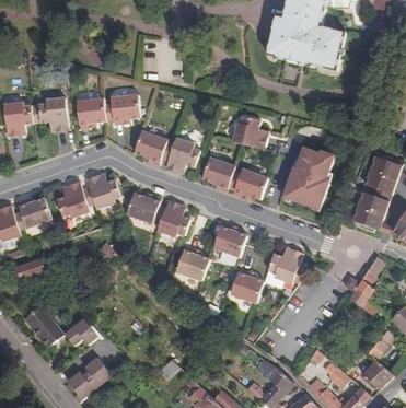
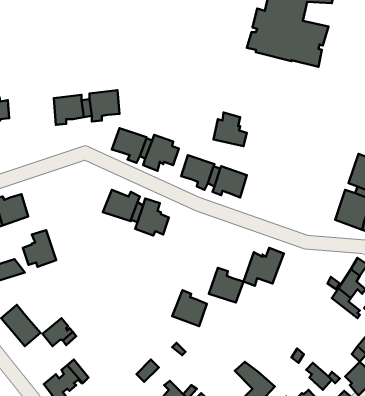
building: [38,95,69,129] -> none
building: [282,149,333,209] -> none
building: [86,174,120,208] -> none
building: [57,180,90,217] -> [23,230,56,267]
building: [212,222,245,256] -> none
building: [174,246,208,281] -> [172,290,207,326]

